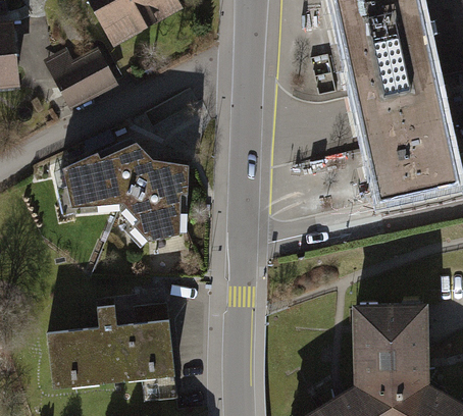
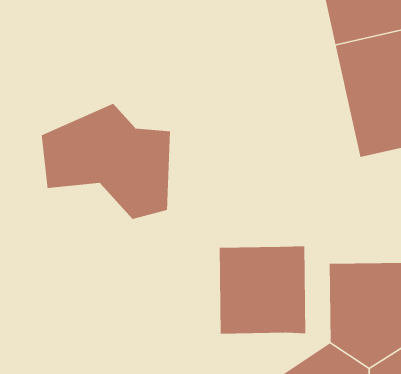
building: [43,47,122,116] -> none
building: none -> [219,246,306,335]
building: [48,307,175,397] -> none

